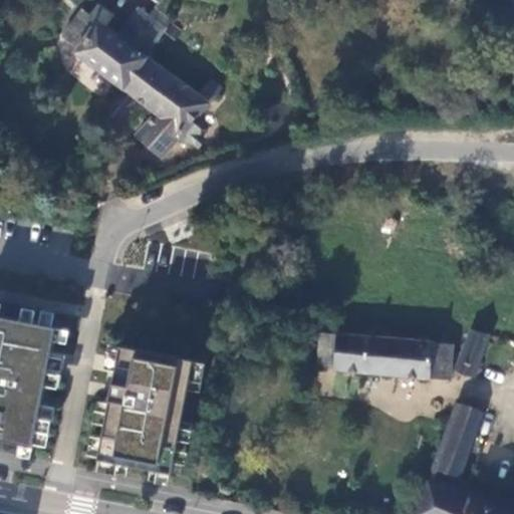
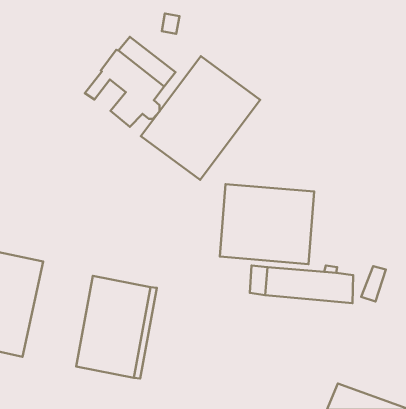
building: [66,6,169,89] -> none
building: none -> [141,56,260,180]
building: none -> [220,184,314,264]
building: [429,405,479,478] -> none

